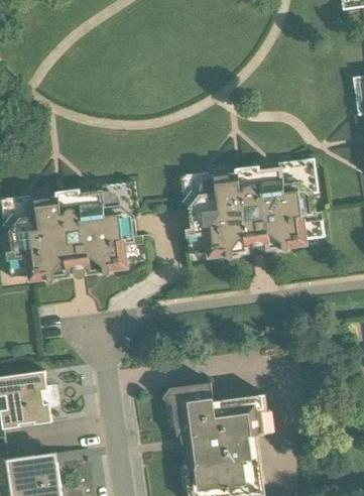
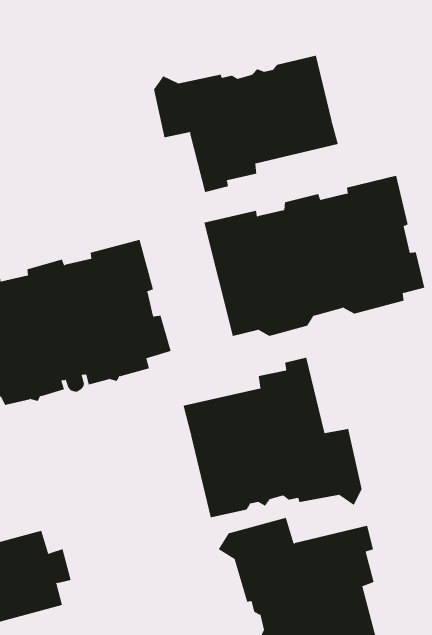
building: none -> [153,55,339,193]
building: none -> [183,357,362,518]

